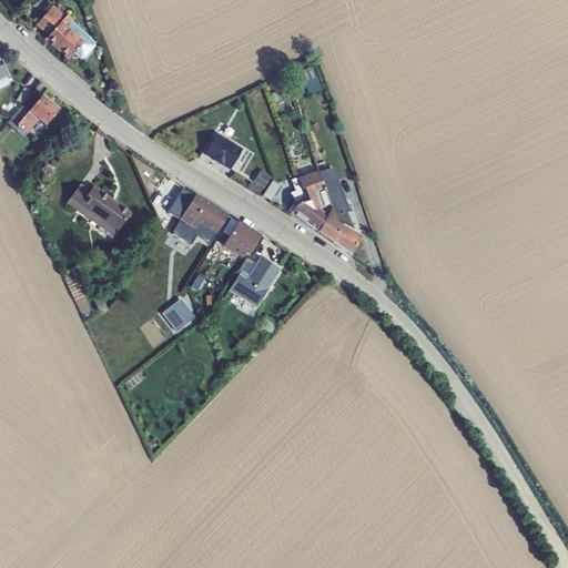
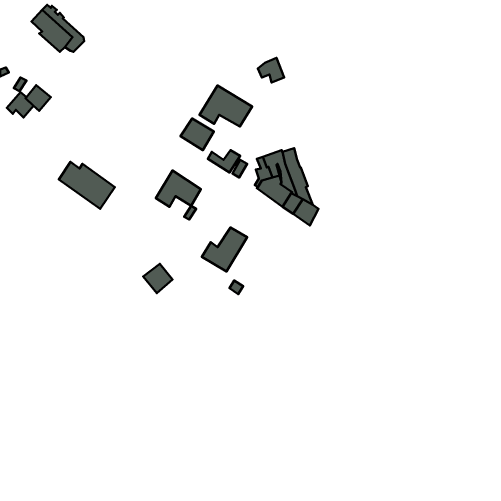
building: none -> [199,85,252,126]
building: [230,222,263,251] -> none

